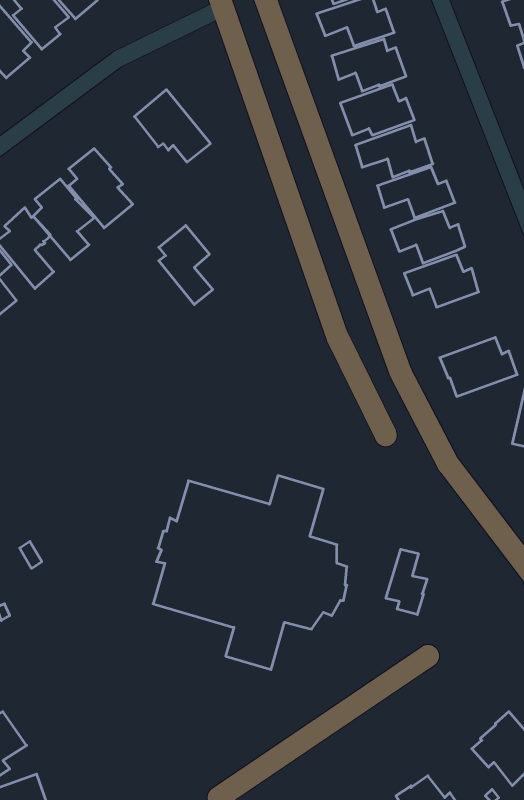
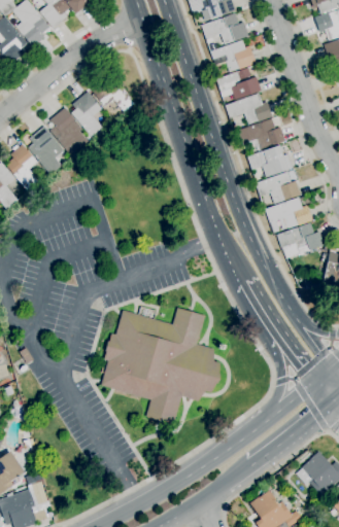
building: [159,225,213,305] -> [71,91,104,139]
building: none -> [265,196,312,233]
building: [386,549,427,615] -> none

